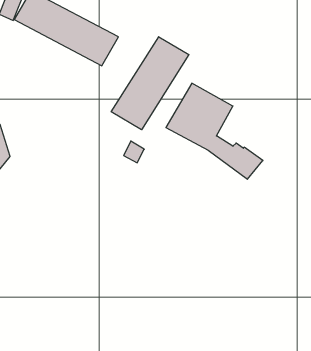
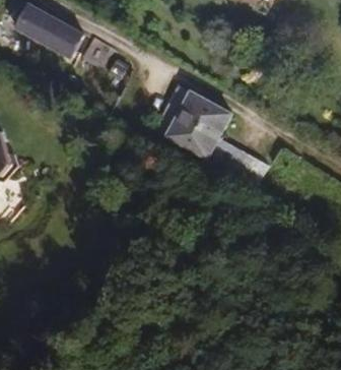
building: [111,37,189,130] -> none

